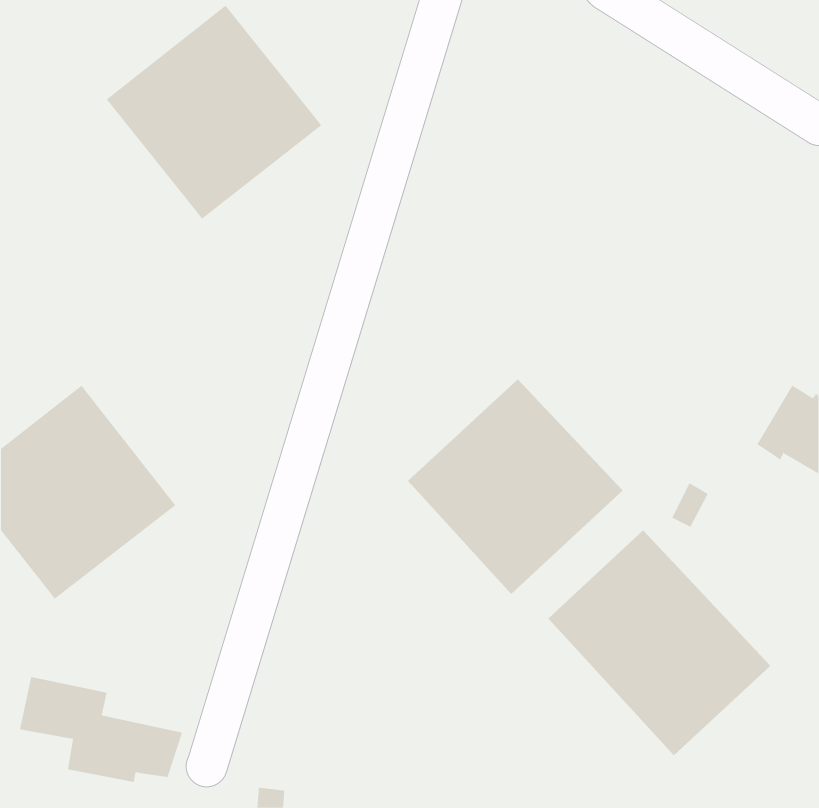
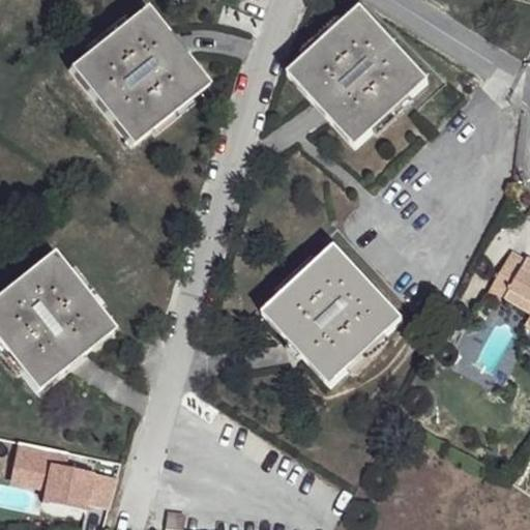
building: none -> [288,4,428,144]
building: [547,529,771,756] -> none

